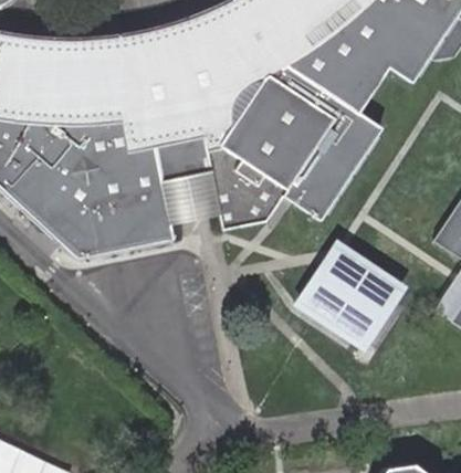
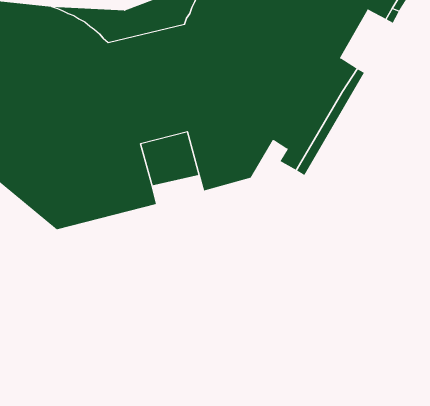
building: [300,246,398,341] -> none

